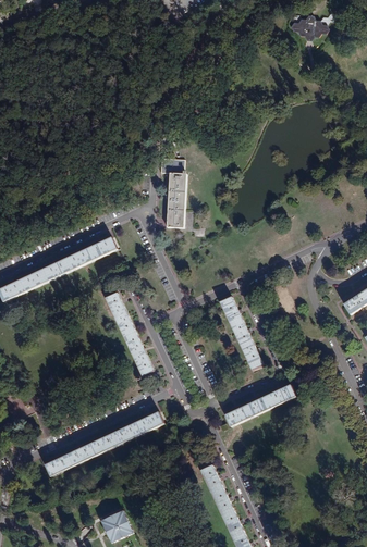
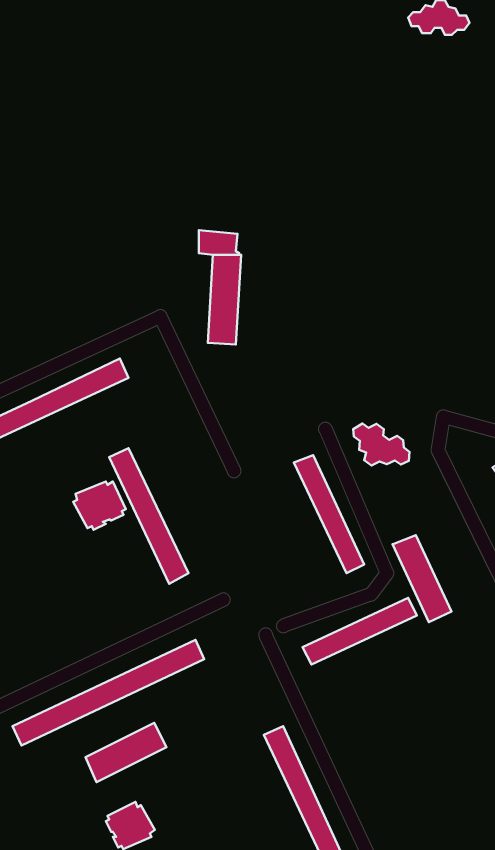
building: none -> [353,424,410,465]
building: none -> [73,481,126,530]
building: none -> [392,535,452,622]
building: none -> [86,723,166,782]

